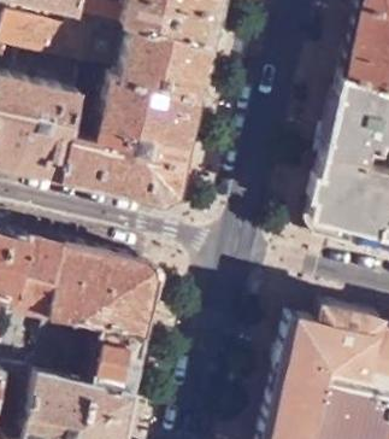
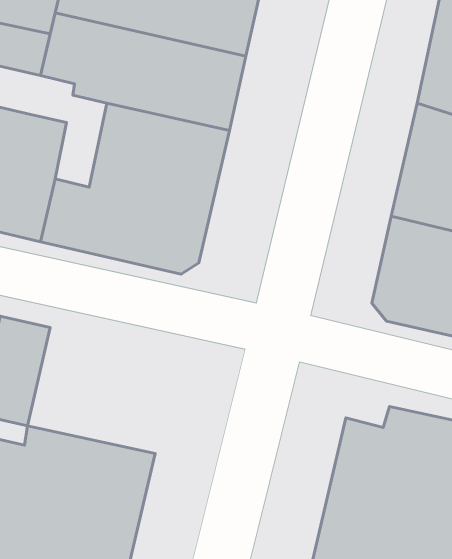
building: [49,246,158,340] -> none

